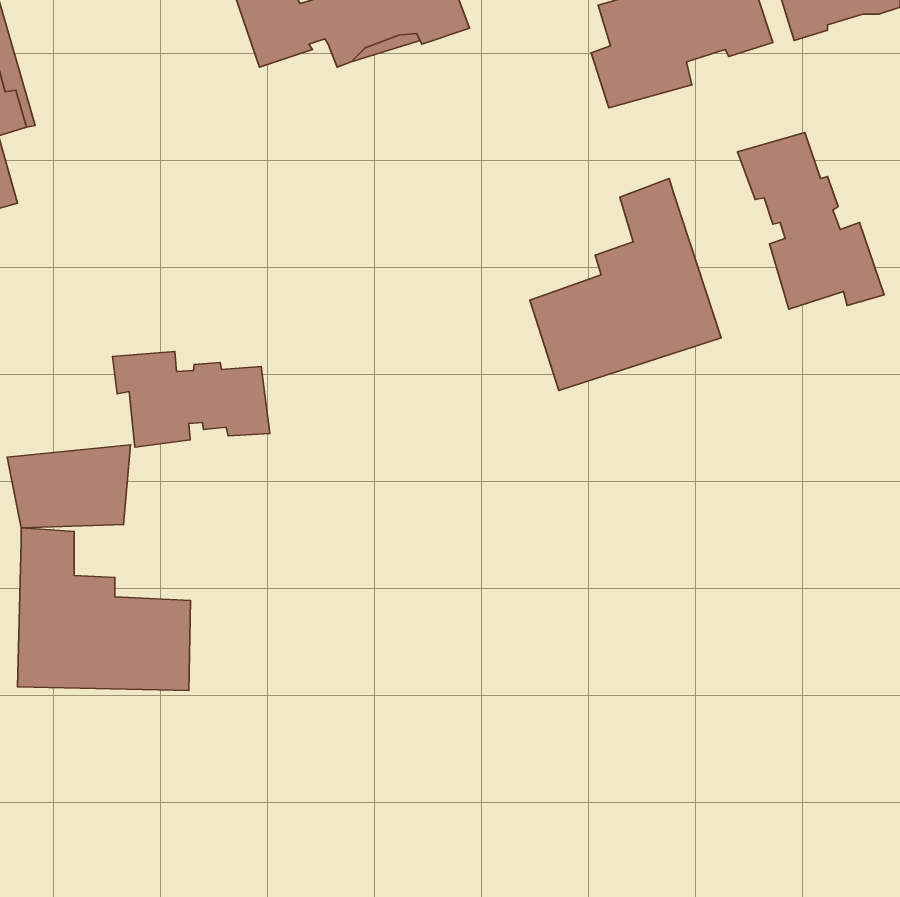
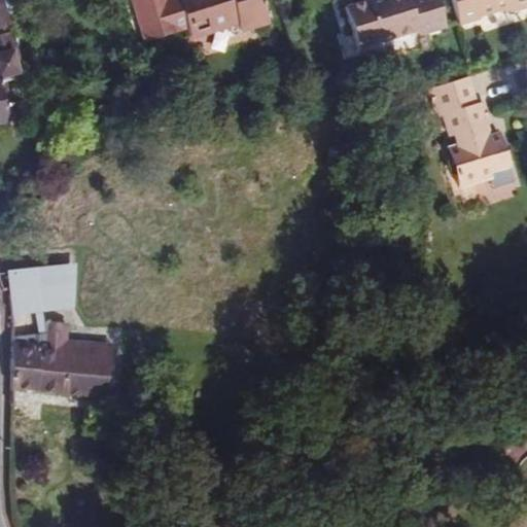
building: [530,178,721,391] -> none
building: [112,351,270,447] -> none

